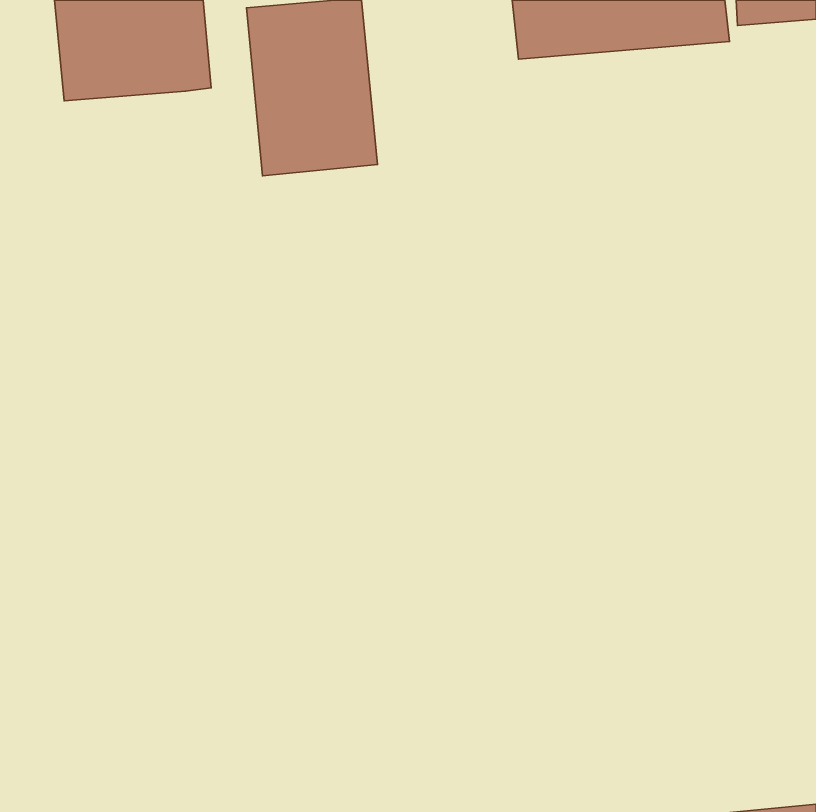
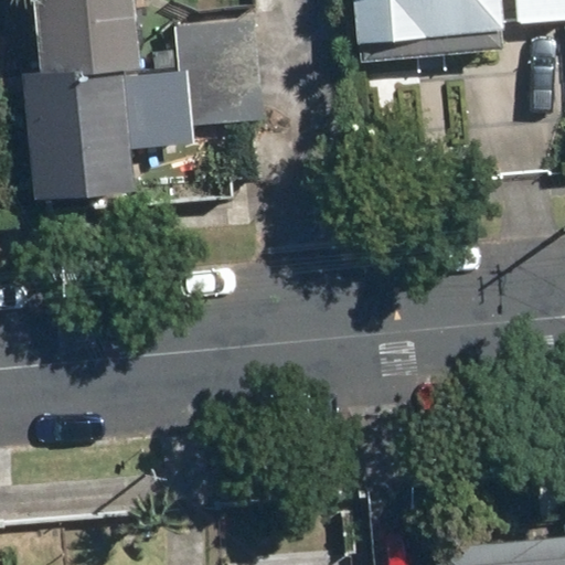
building: none -> [25,66,138,196]

